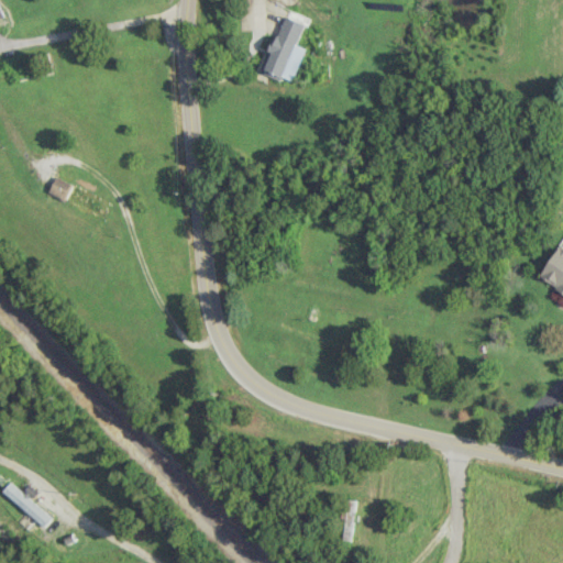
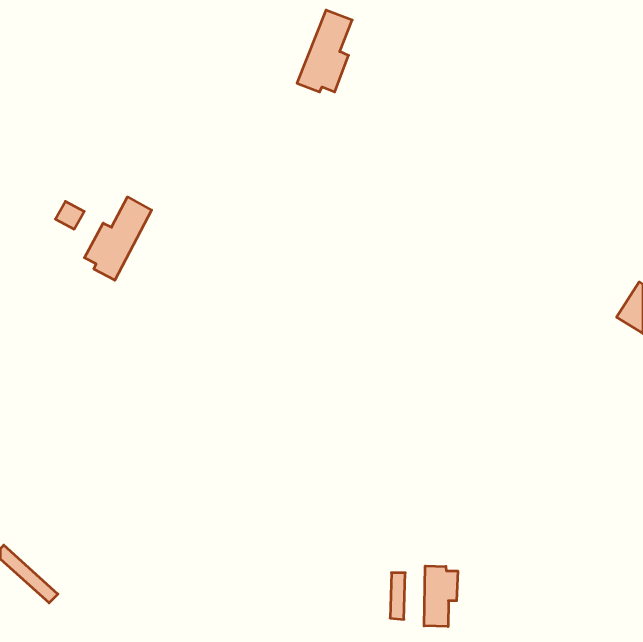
building: none -> [84,197,152,280]
building: none -> [424,566,458,627]

